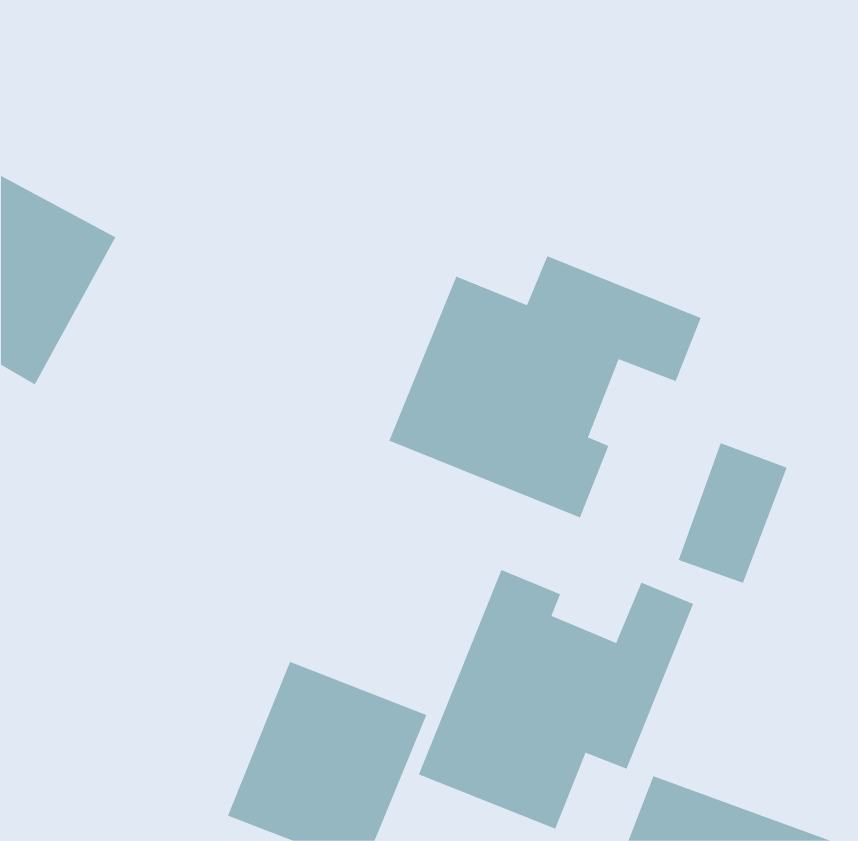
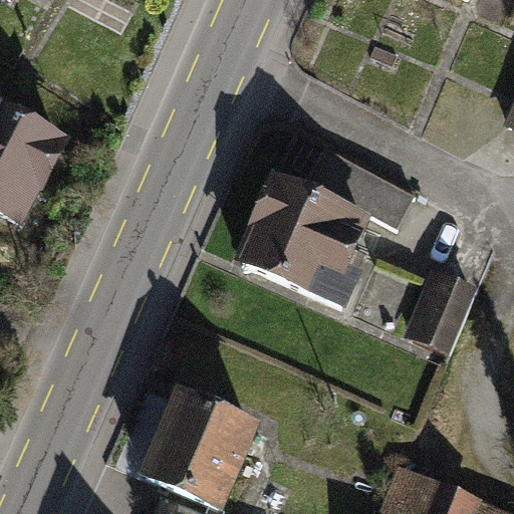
building: [418,569,694,829] -> none

